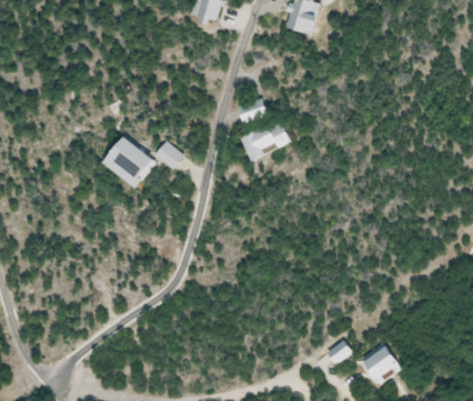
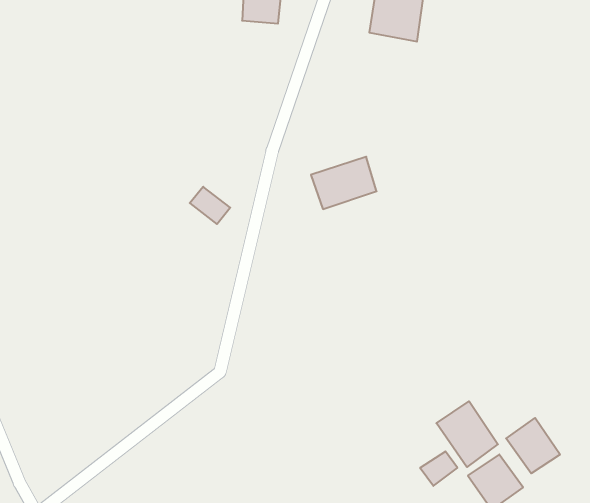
building: [103,137,155,188] -> none
building: none -> [436,401,498,467]
building: none -> [506,418,560,473]

